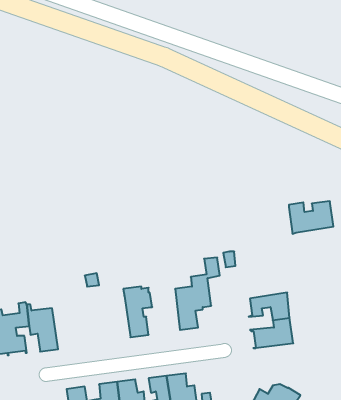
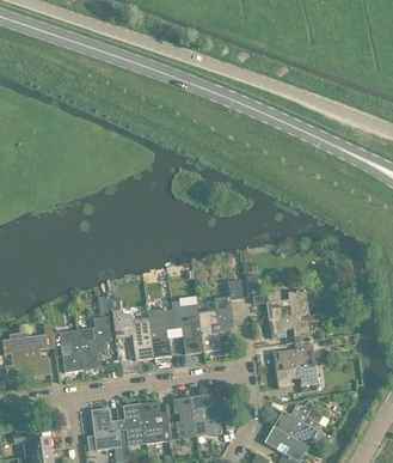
building: [289,201,333,234] -> [264,290,308,322]
building: none -> [170,298,202,354]
building: none -> [111,310,153,361]
building: none -> [75,316,110,371]
building: none -> [275,365,318,392]

